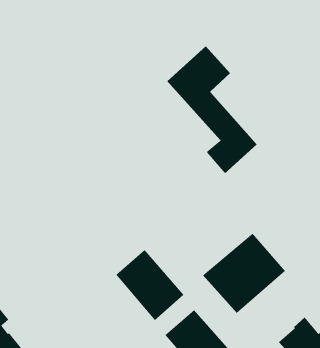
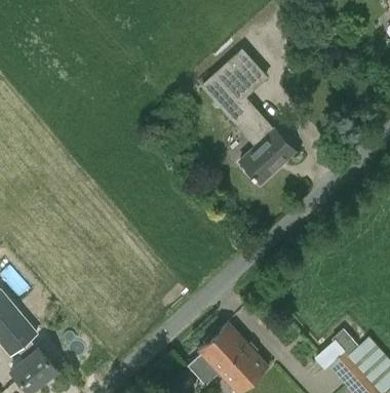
building: [202,233,286,314] -> none
building: [116,249,184,321] -> none

